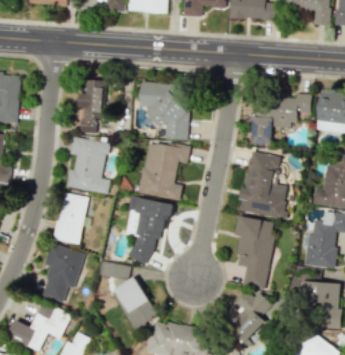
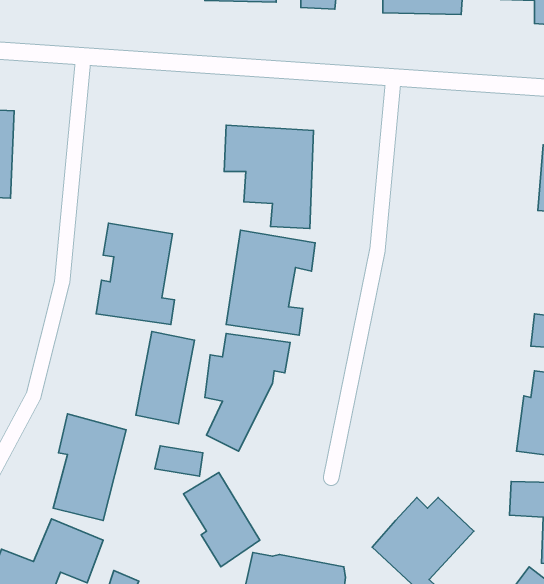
building: [79,78,106,133] -> none
building: [251,93,311,144] -> none
building: [238,150,289,218] -> none
building: [57,192,90,244] -> [136,331,195,424]
building: [235,216,274,288] -> none

